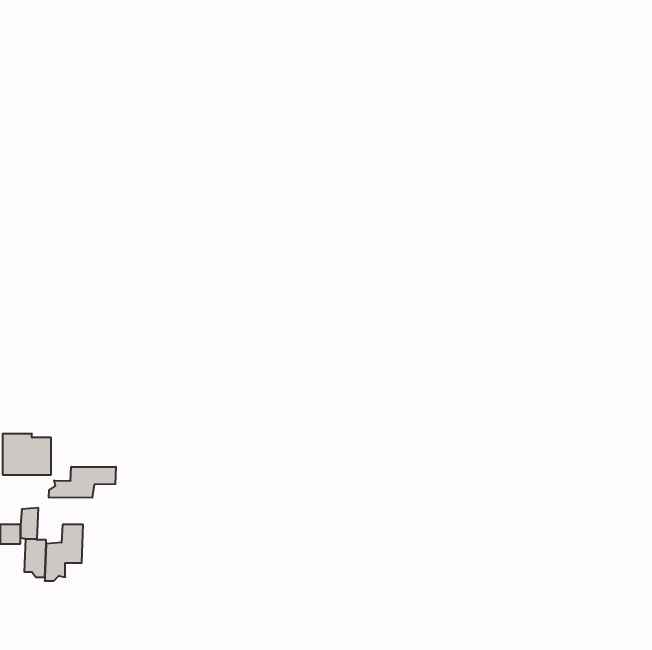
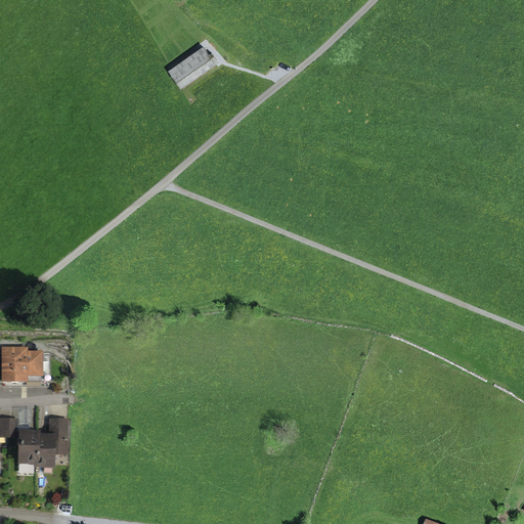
building: none -> [170,45,215,86]
building: [49,467,116,498] -> none

